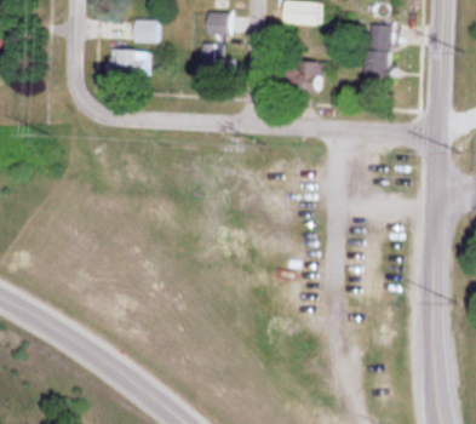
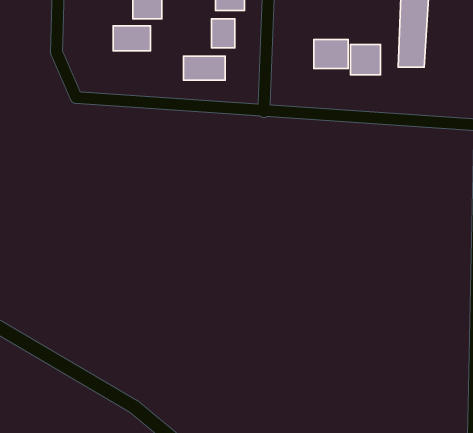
building: none -> [350,45,381,75]
building: none -> [184,56,225,80]

